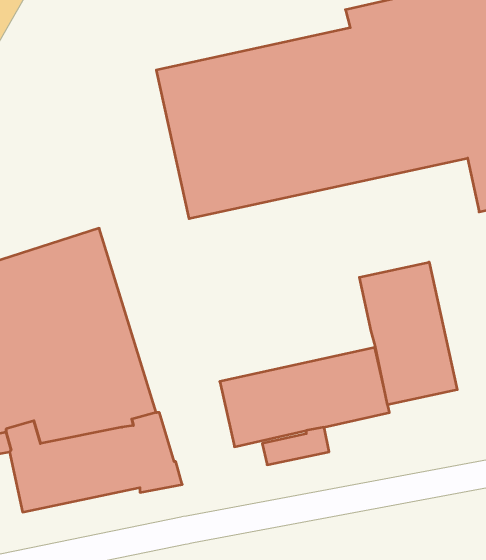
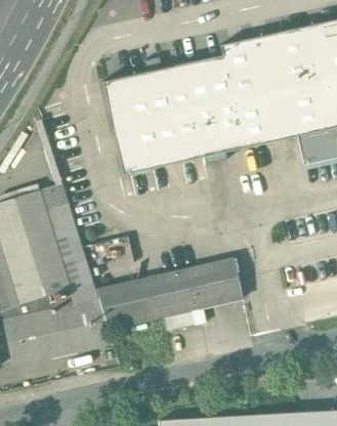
building: [359,262,457,405] -> none
building: none -> [98,279,149,329]

